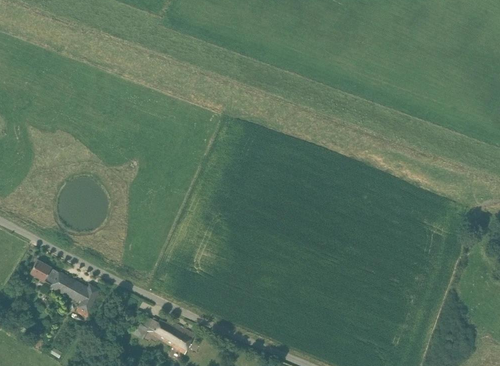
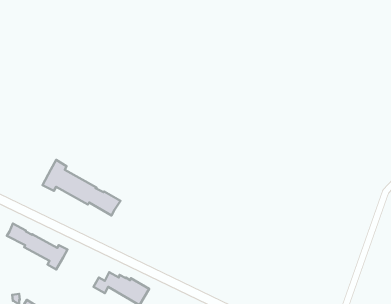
building: none -> [42,160,120,216]

